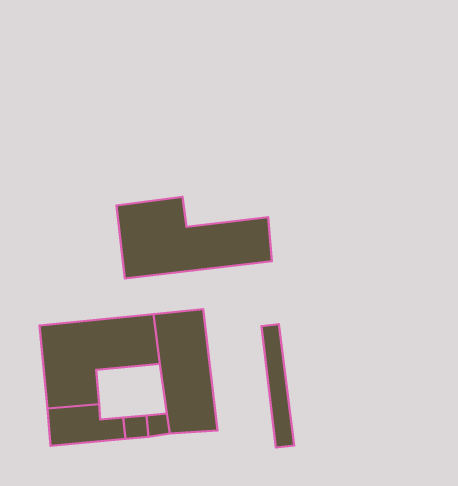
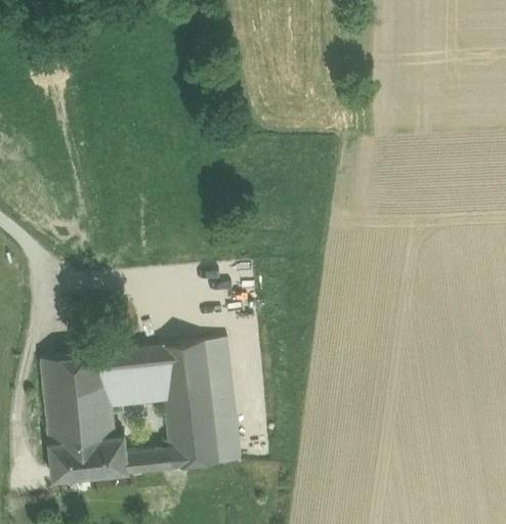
building: [116,197,272,278] -> none
building: [262,324,294,448] -> [208,340,241,465]

